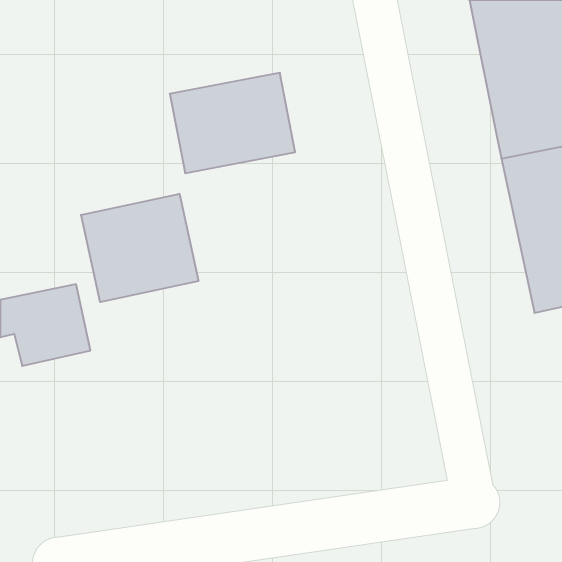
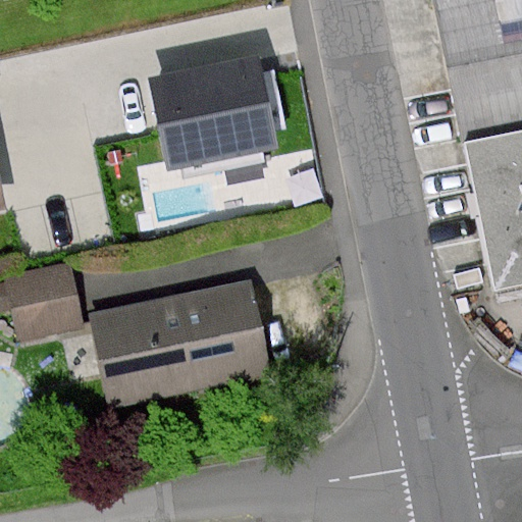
building: [81,194,198,302] -> none
building: none -> [95,285,269,404]

